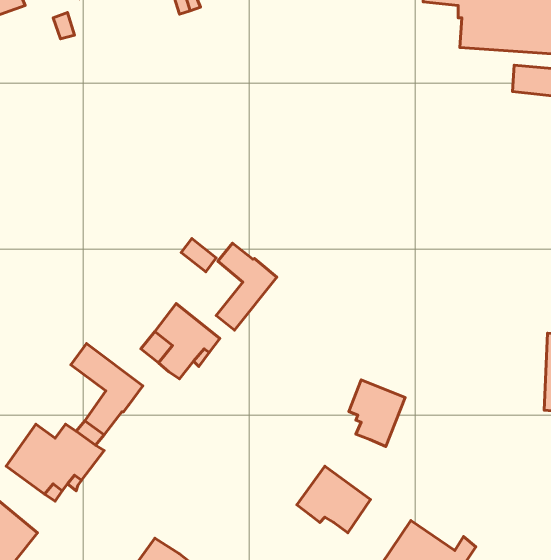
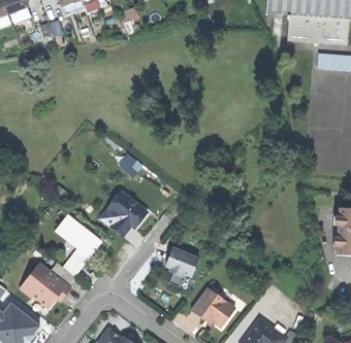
building: [216,243,277,330] -> none
building: [349,380,405,447] -> [166,247,199,286]

